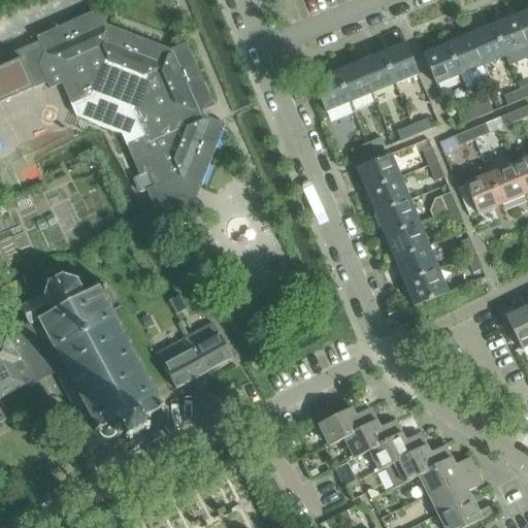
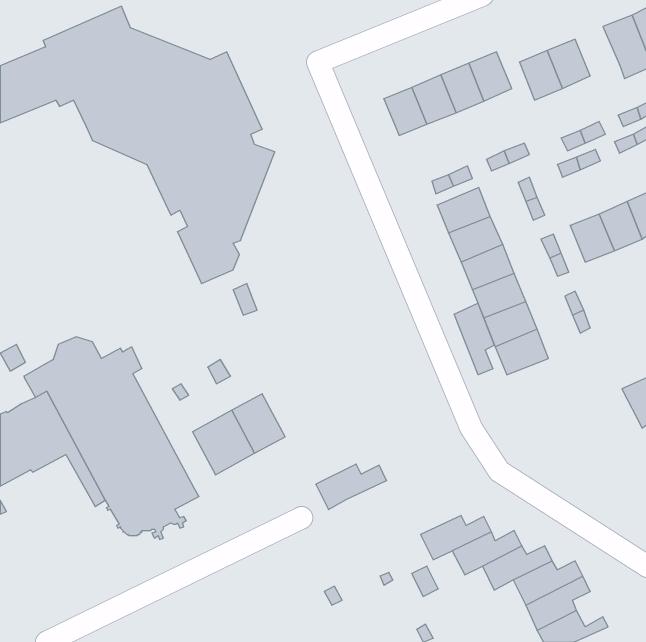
building: [469,22,505,62] -> none
building: none -> [454,303,494,375]
building: [319,406,376,443] -> [316,464,387,510]

